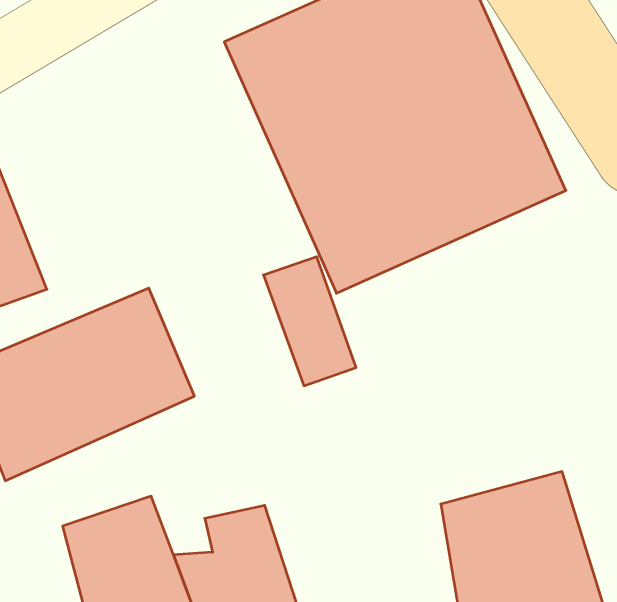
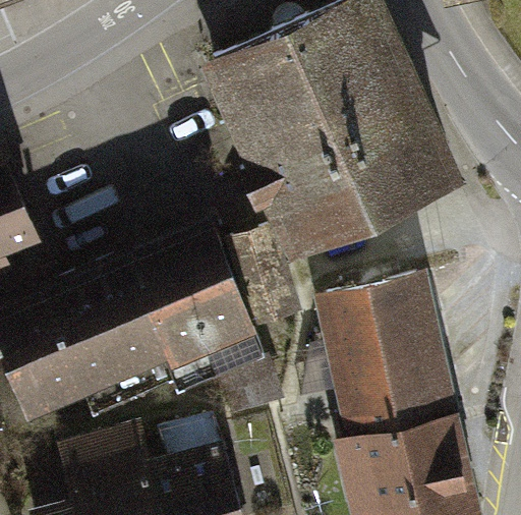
building: none -> [74,231,272,420]
building: none -> [325,275,452,432]

